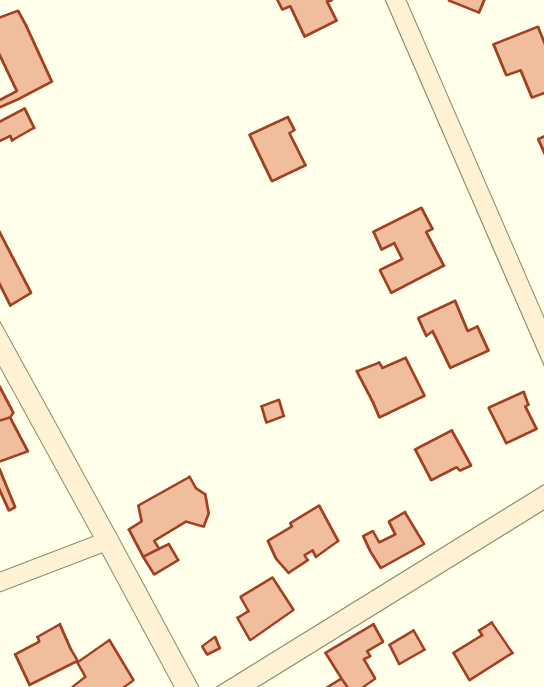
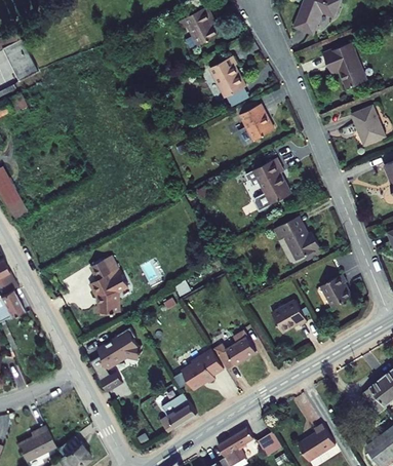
building: [250,117,306,181] -> [211,57,247,99]
building: none -> [242,104,272,135]
building: [357,358,424,417] -> none
building: none -> [88,256,128,316]
building: [363,512,424,568] -> [218,329,257,365]

